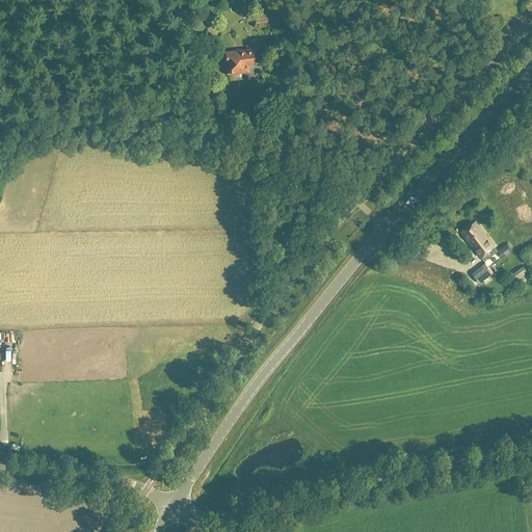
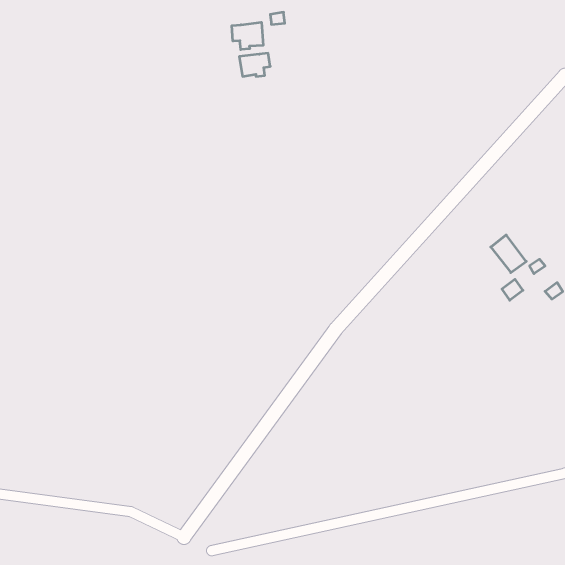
building: none -> [232,22,263,50]

